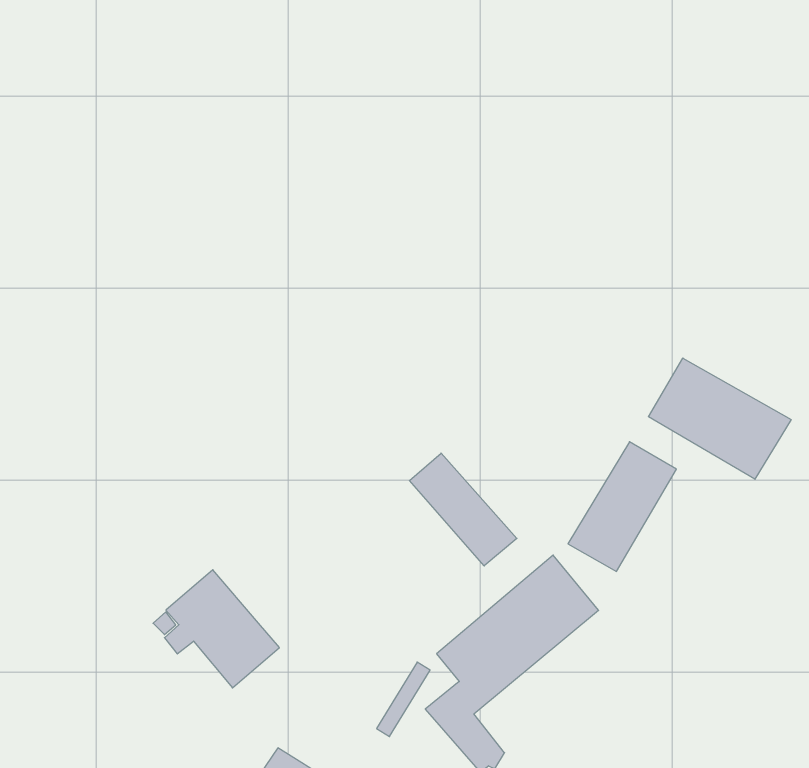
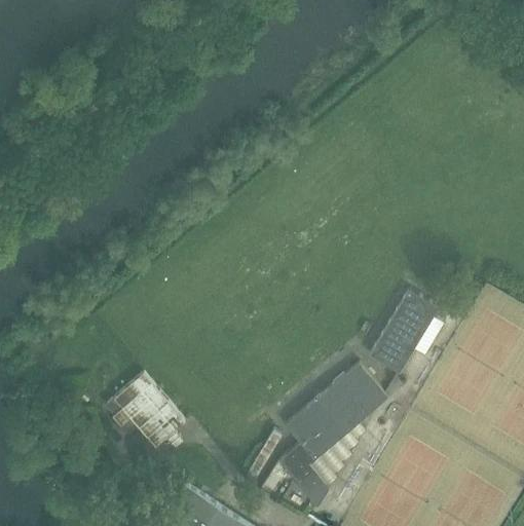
building: [648,358,791,479] -> none
building: [410,453,517,566] -> none

